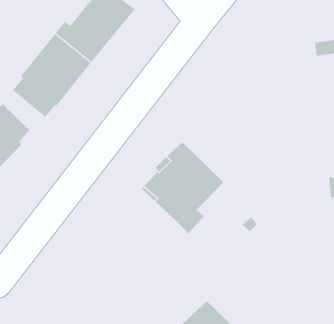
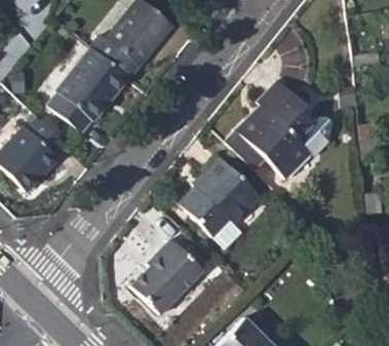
building: none -> [233,77,329,177]
building: none -> [130,238,203,314]

